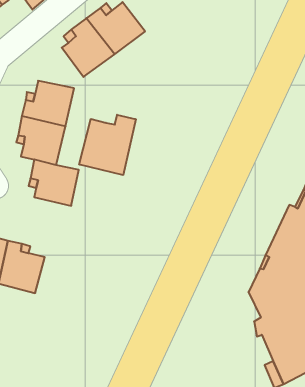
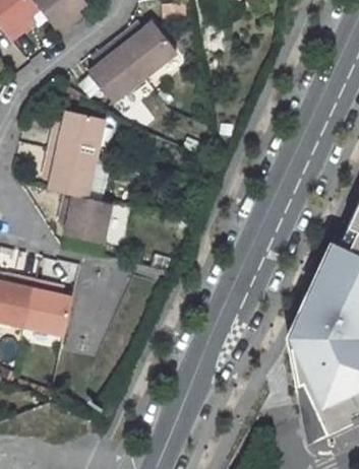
building: [79,115,136,175] -> none

